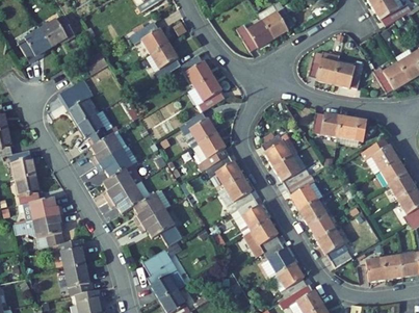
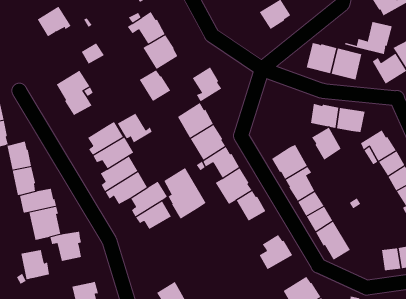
building: [236,22,272,52] -> none
building: [18,29,51,63] -> none
building: none -> [345,21,393,55]
building: [181,55,213,87] -> [139,69,171,102]
building: [77,114,112,145] -> [117,113,152,143]
building: [261,134,291,167] -> [311,127,342,160]
building: [243,219,281,257] -> none
building: [142,249,185,301] -> [164,167,206,220]
building: [365,258,386,282] -> none
building: [271,263,307,298] -> none
building: [64,265,94,295] -> [21,249,50,280]

